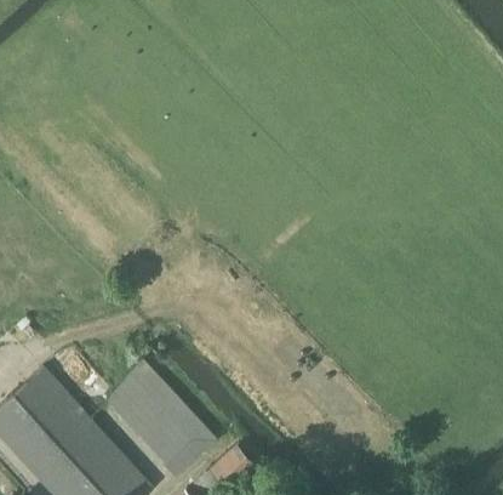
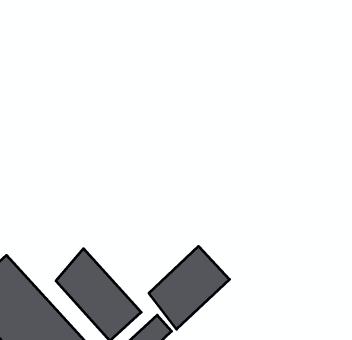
building: none -> [149,246,230,329]

